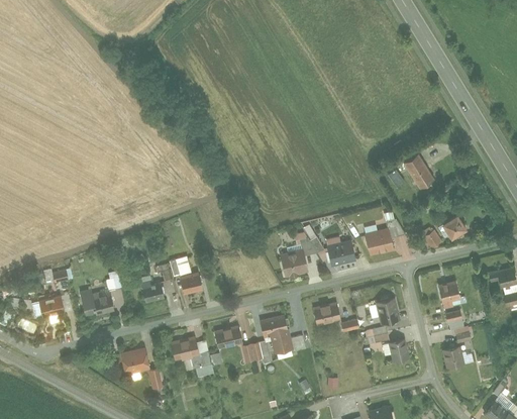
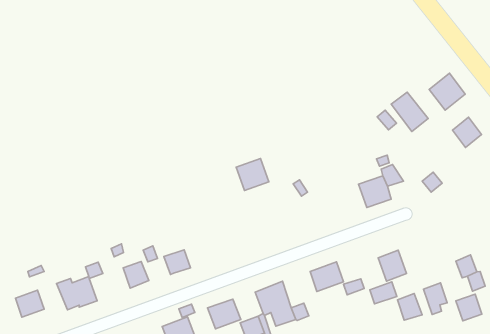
building: none -> [429,73,465,110]
building: [441,214,468,241] -> [452,117,482,147]
building: [327,238,355,266] -> none
building: [279,249,307,277] -> [236,159,269,190]
building: [438,281,458,309] -> [424,283,447,315]

